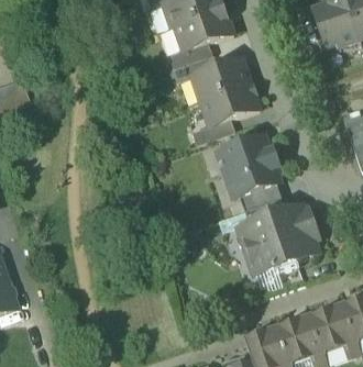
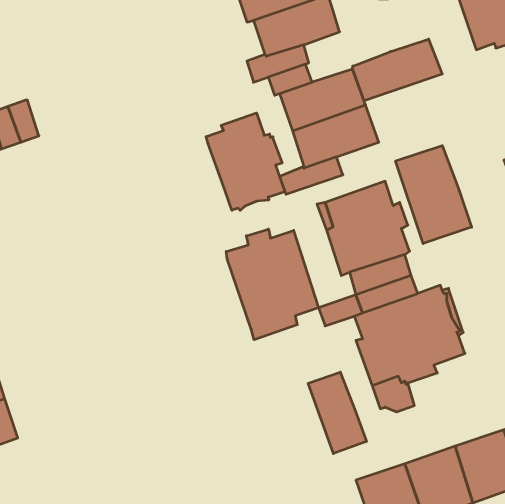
building: none -> [352,39,442,101]
building: none -> [206,113,285,210]
building: none -> [396,146,472,244]
building: none -> [226,229,319,340]
building: none -> [308,372,366,454]

